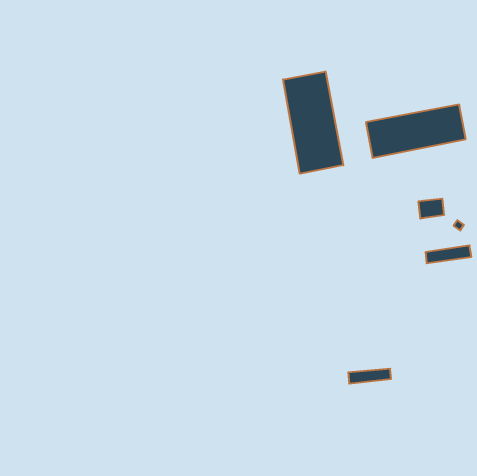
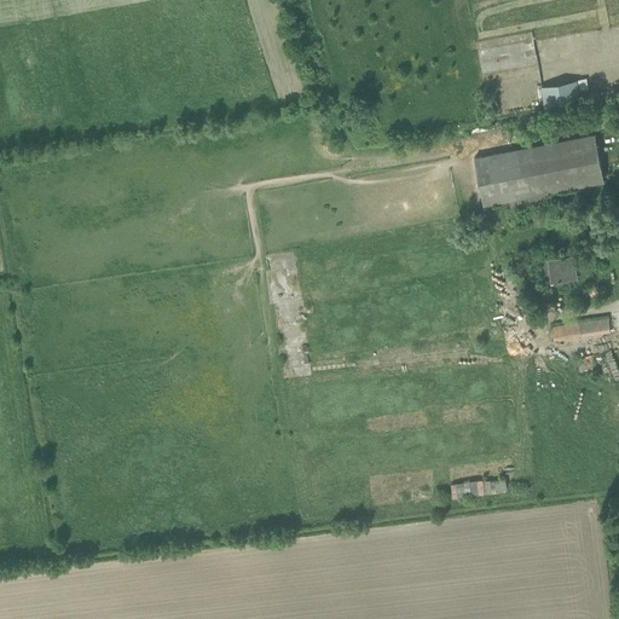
building: none -> [542,82,579,105]
building: [283,71,343,174] -> none

